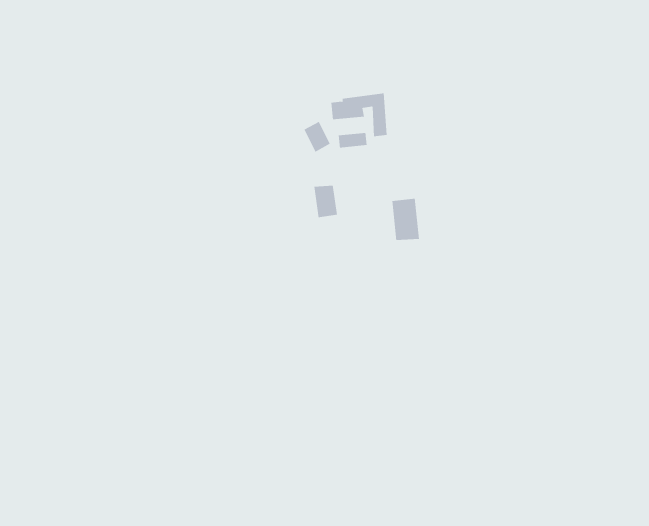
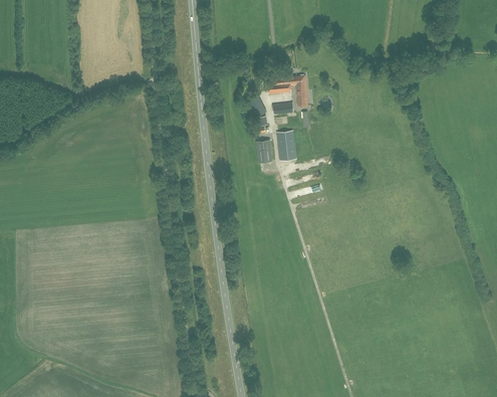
building: [391,198,420,241] -> [277,132,297,162]

